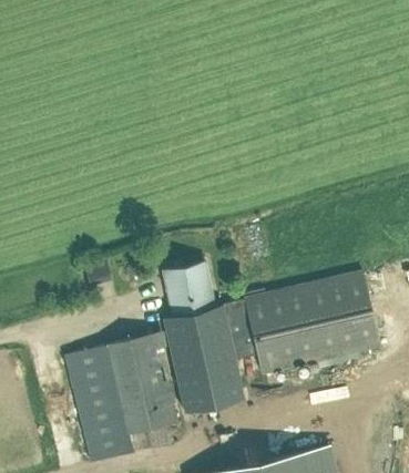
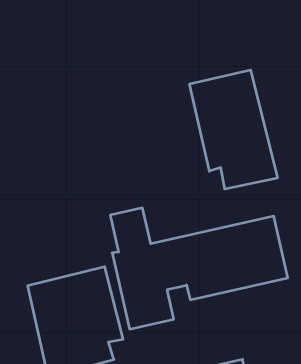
building: none -> [190,70,277,189]

